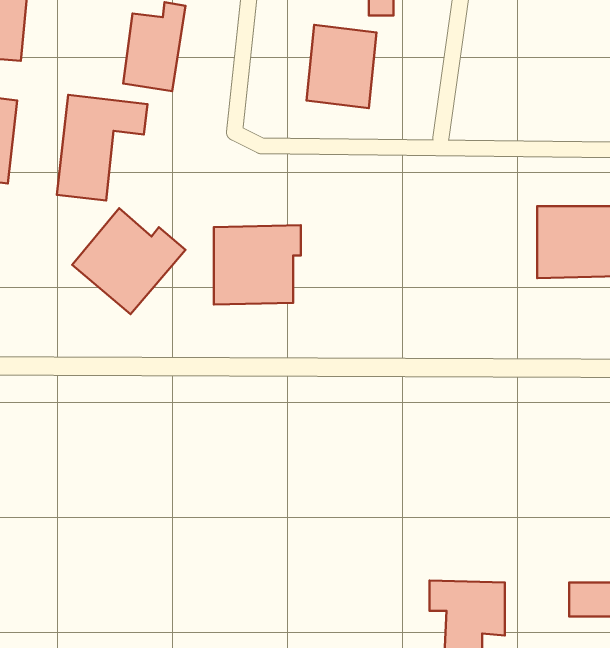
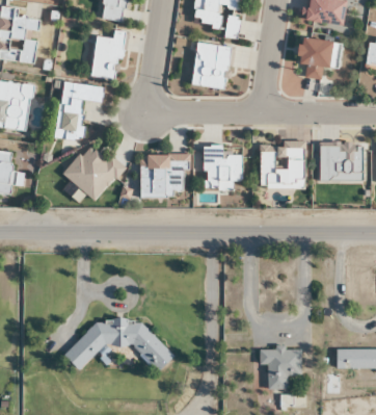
building: none -> [297,37,328,80]
building: none -> [261,142,304,188]
building: none -> [204,145,243,189]
building: none -> [64,309,172,372]

